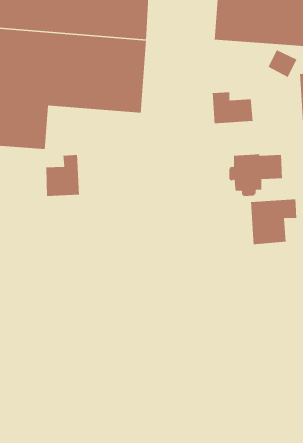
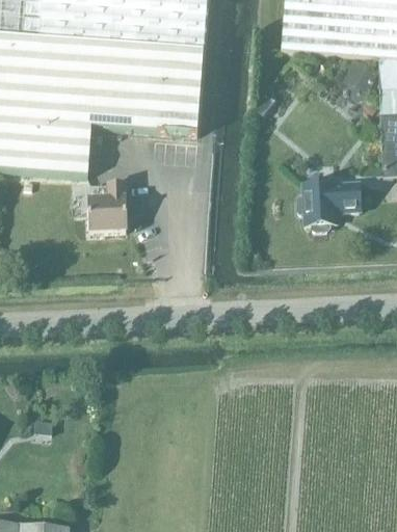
building: [212,92,254,124] -> none
building: [250,198,297,245] -> none

